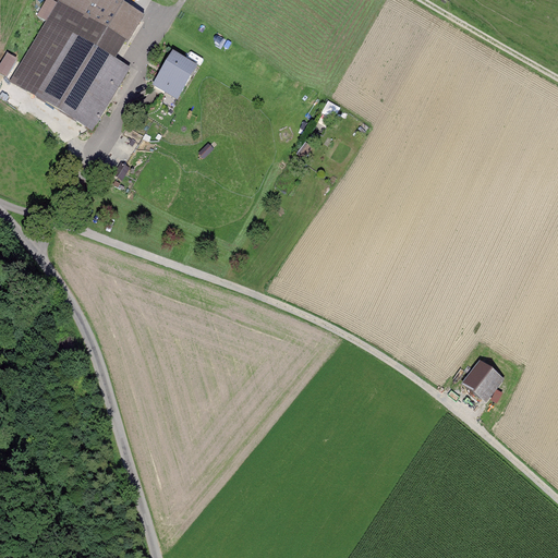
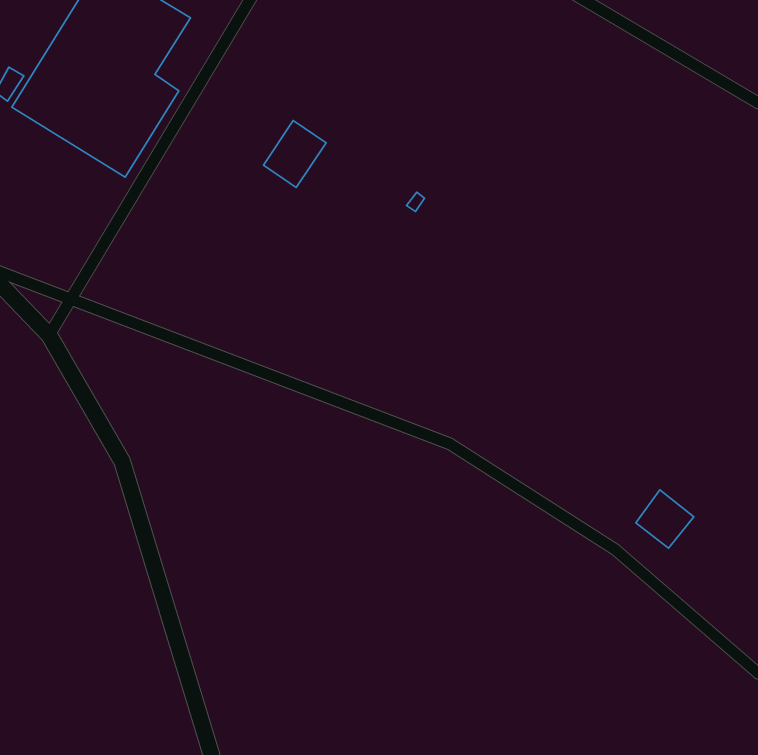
building: [150,48,196,97] -> [263,121,326,188]

